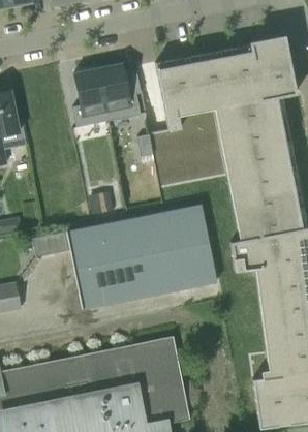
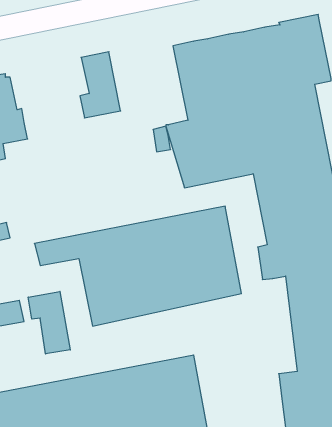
building: [98,63,141,121] -> none
building: none -> [28,291,70,354]

